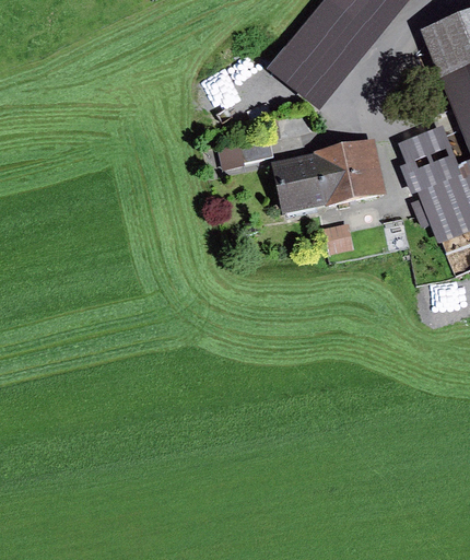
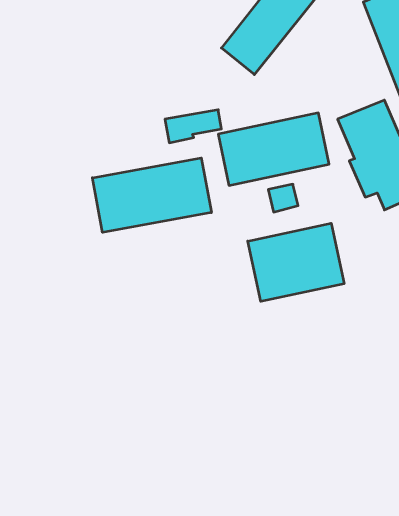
building: none -> [92,158,211,232]
building: none -> [248,223,344,301]

